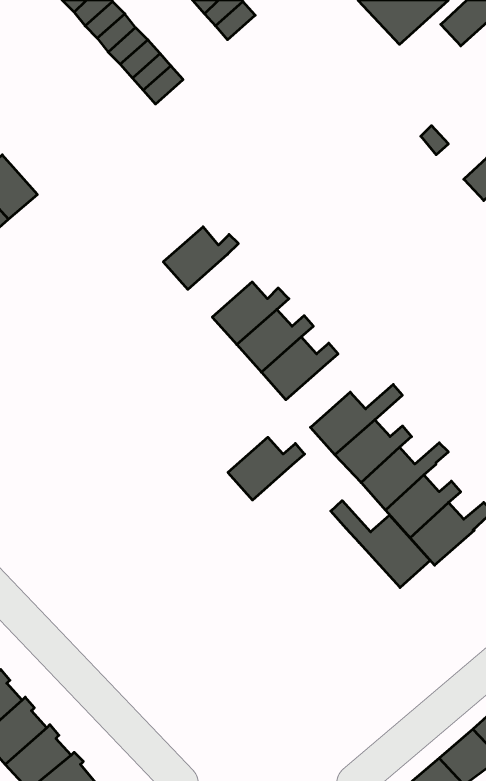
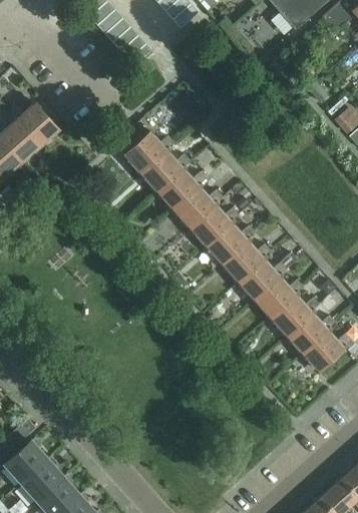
building: none -> [123,131,173,172]
building: none -> [156,167,207,208]
building: [228,437,305,500] -> [221,239,271,281]
building: [331,501,430,588] -> none

